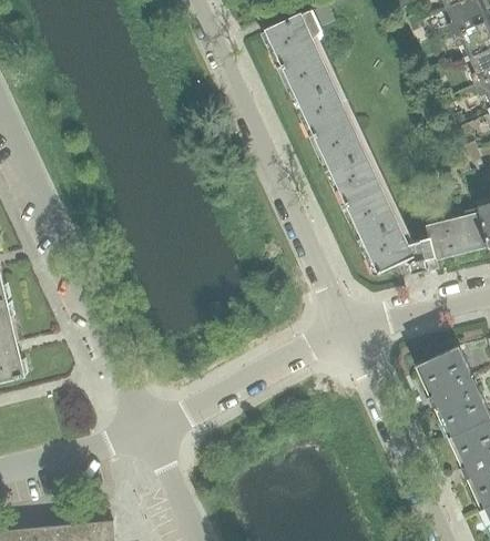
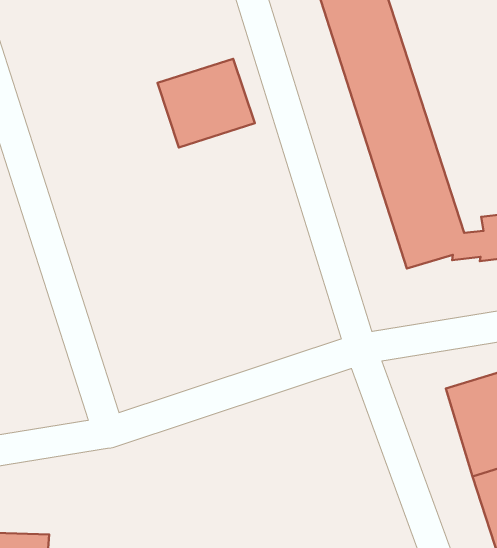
building: none -> [157,59,255,147]

